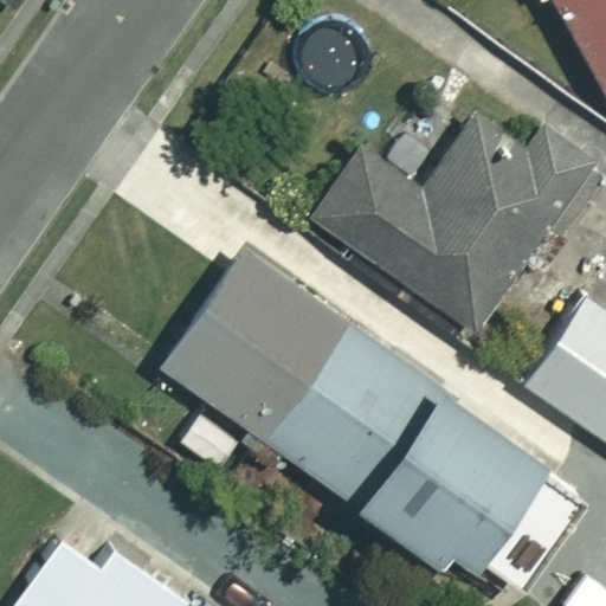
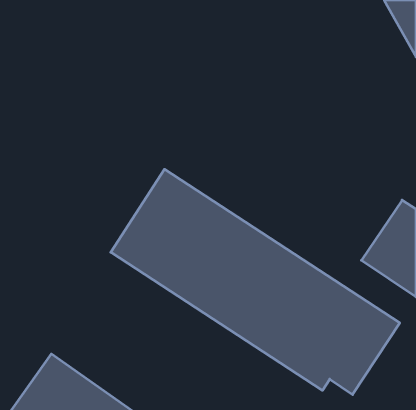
building: [315,103,580,327] -> none

